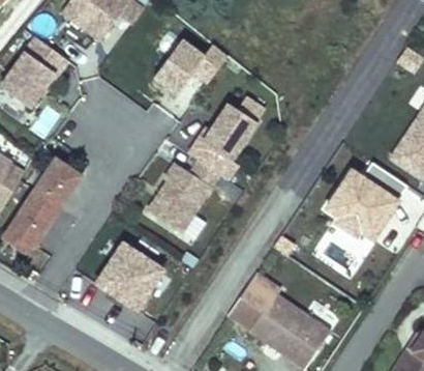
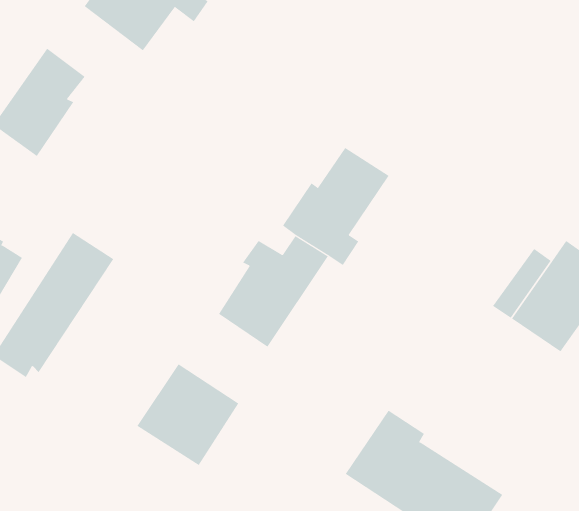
building: [154,42,226,96] -> none

